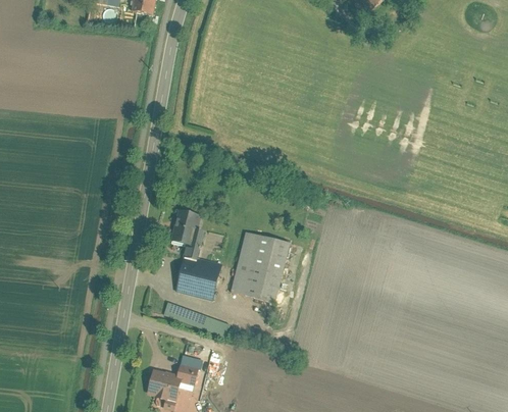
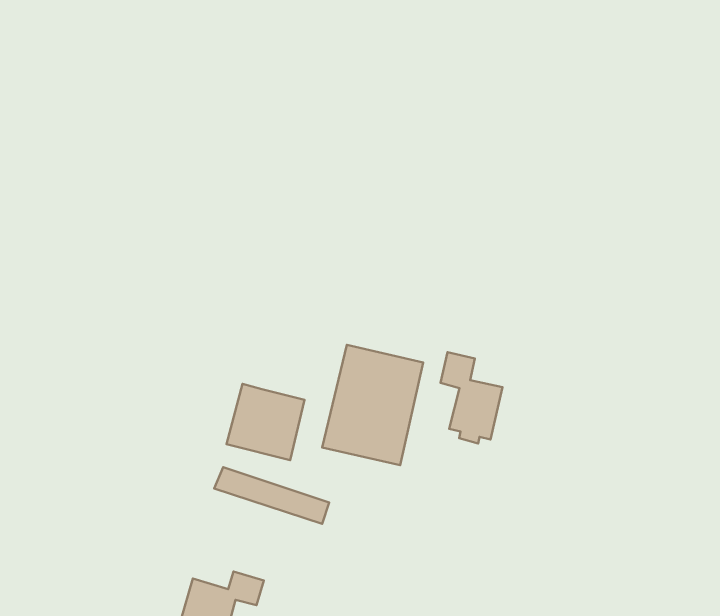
building: [169,210,202,258] -> none
building: none -> [441,352,502,444]

